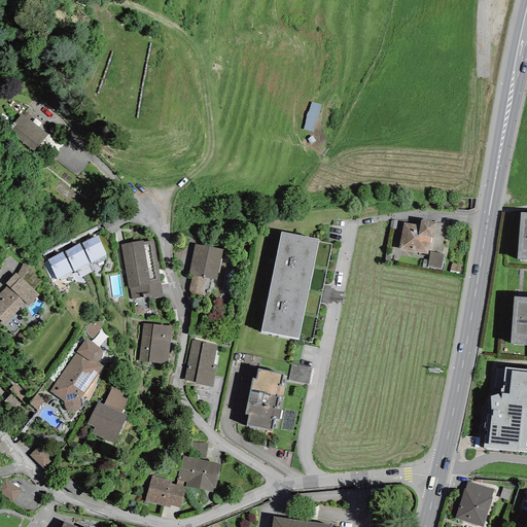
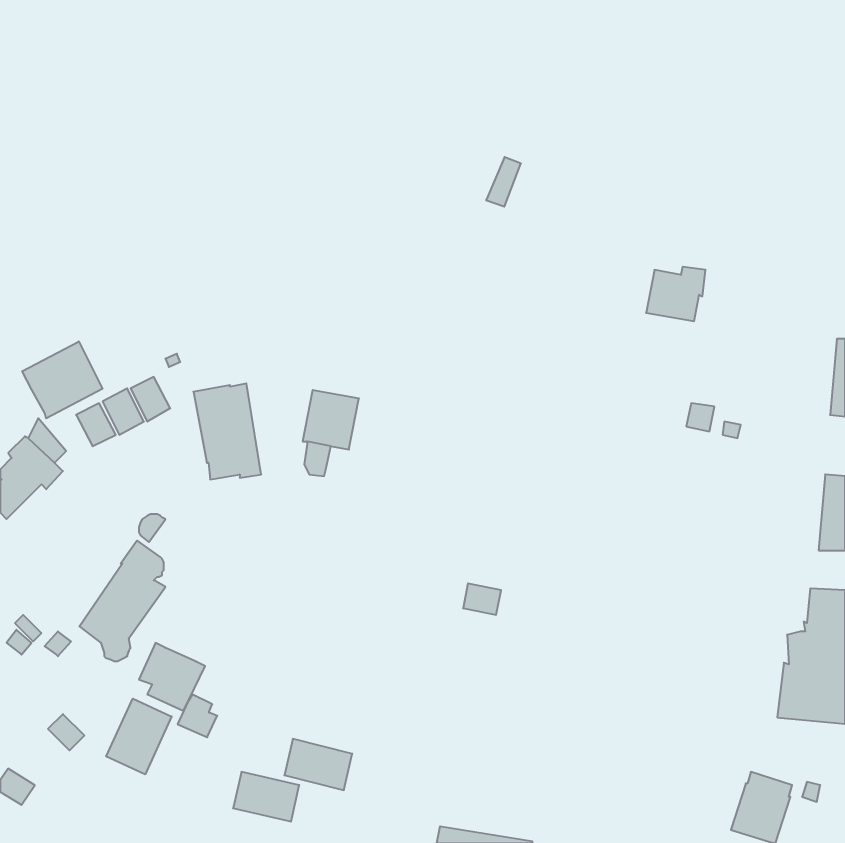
building: [10,111,48,149] -> none
building: none -> [22,341,103,418]
building: [398,219,435,253] -> [646,267,706,321]
building: [261,231,319,338] -> none
building: [138,322,172,363] -> none
building: [184,339,217,386] -> none
building: [245,367,285,429] -> none
building: [103,385,128,412] -> [178,694,217,737]
building: none -> [106,699,172,774]

